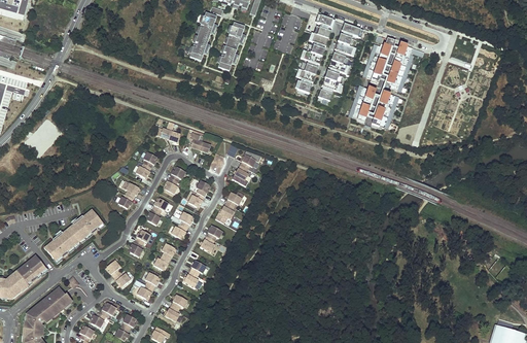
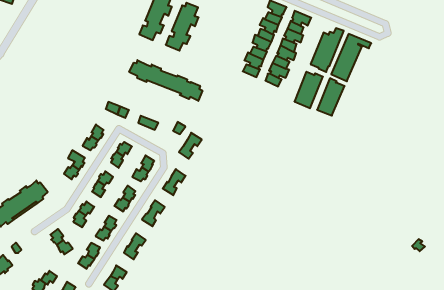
building: none -> [129,60,202,101]

